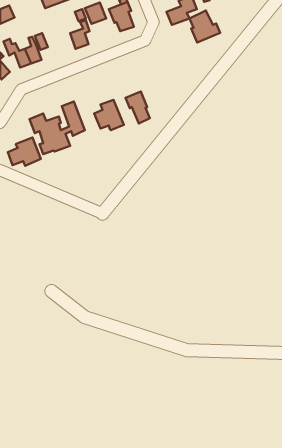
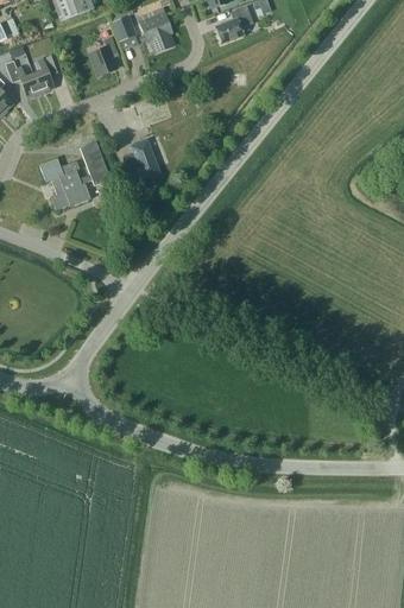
building: [190,10,220,43] -> none
building: [126,92,150,124] -> none
building: [8,138,41,166] -> none

